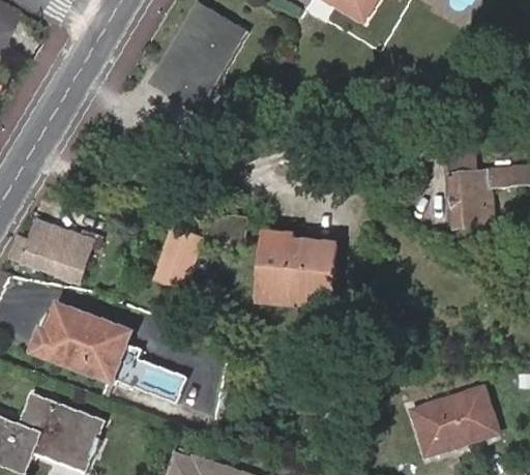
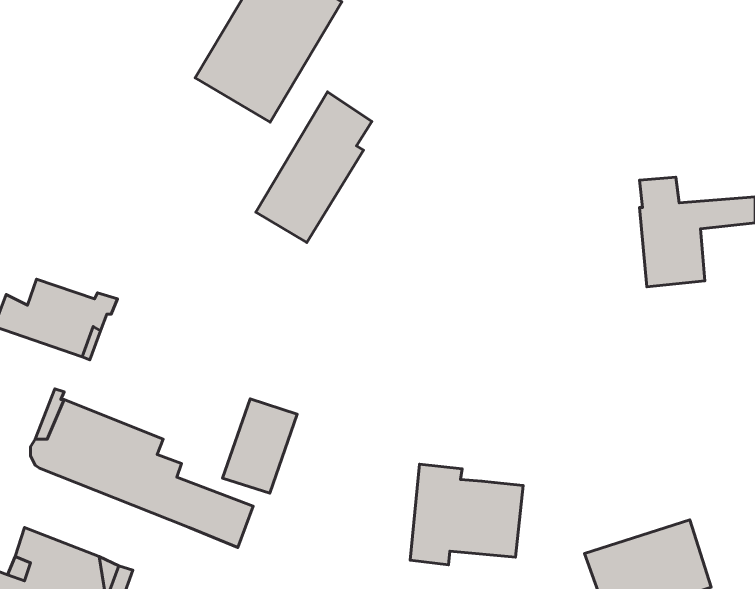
building: none -> [256,92,372,243]
building: [152,225,203,289] -> [223,399,297,493]
building: [260,232,336,300] -> [410,464,523,565]

